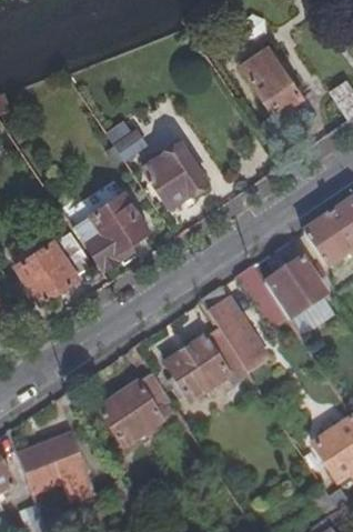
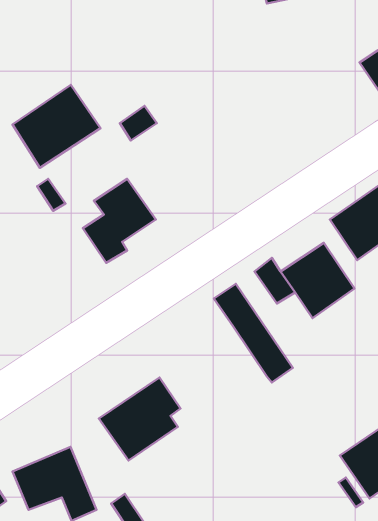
building: [244,47,302,112] -> none
building: [144,141,209,204] -> none
building: [17,227,95,301] -> [13,85,100,168]
building: [164,327,248,400] -> none

